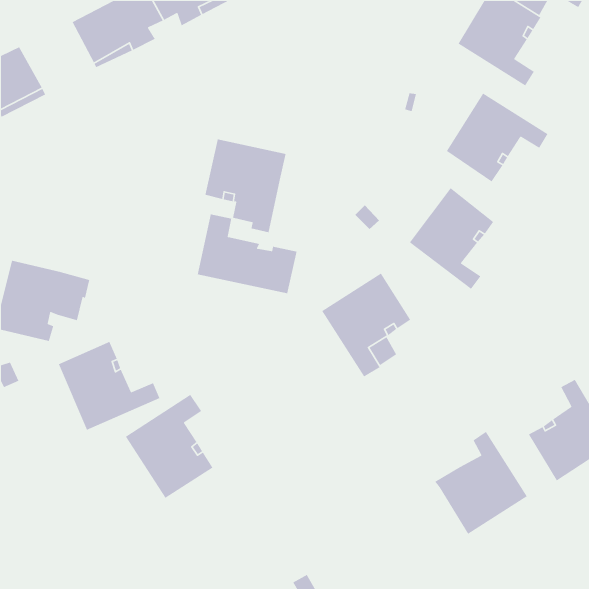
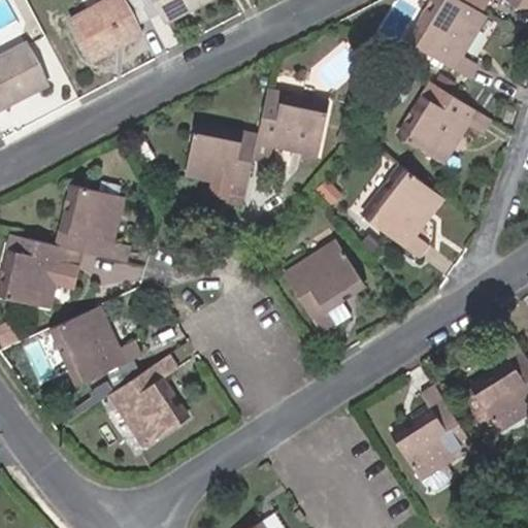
building: none -> [252,93,329,167]
building: none -> [56,182,131,262]
building: [197,214,297,294] -> none

